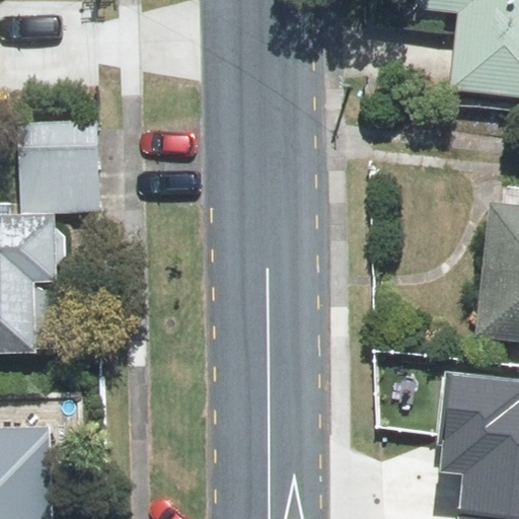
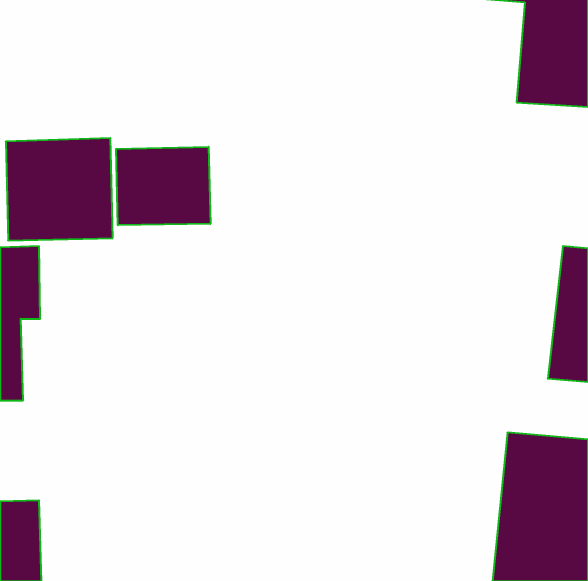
building: none -> [116,147,210,225]

